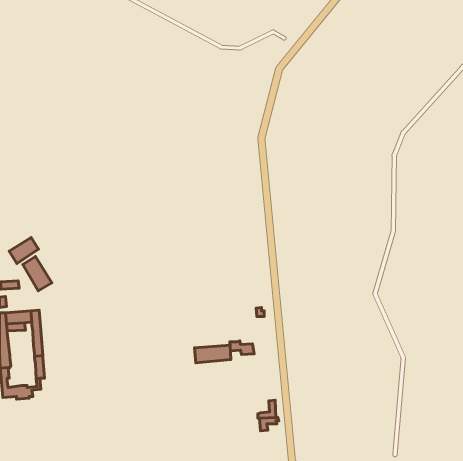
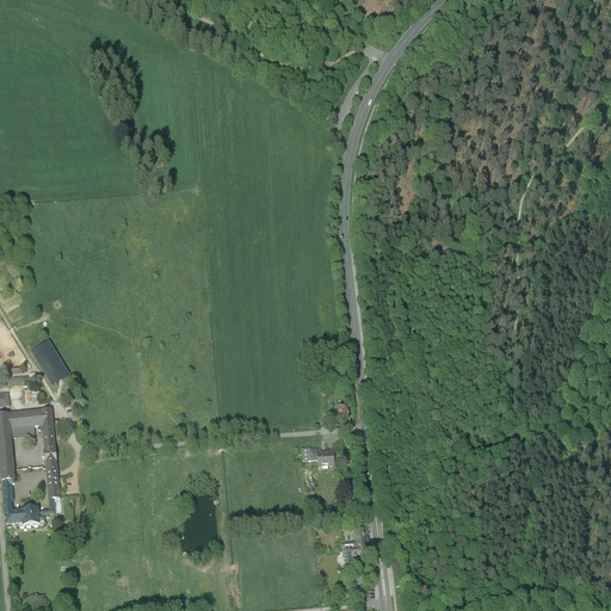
building: [9,237,38,263] -> none
building: [194,345,231,363] -> none

